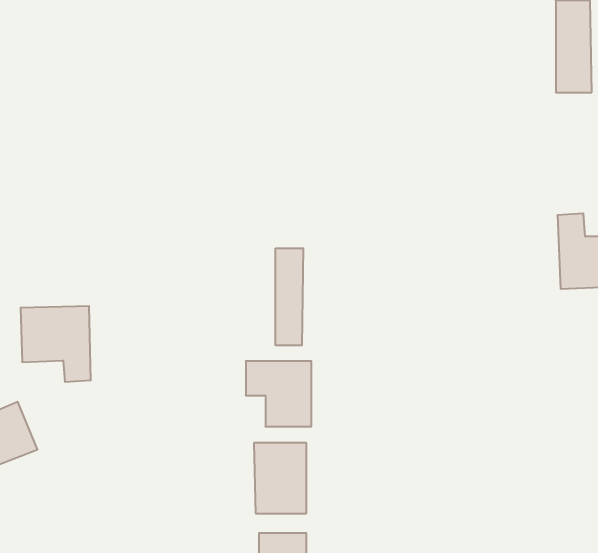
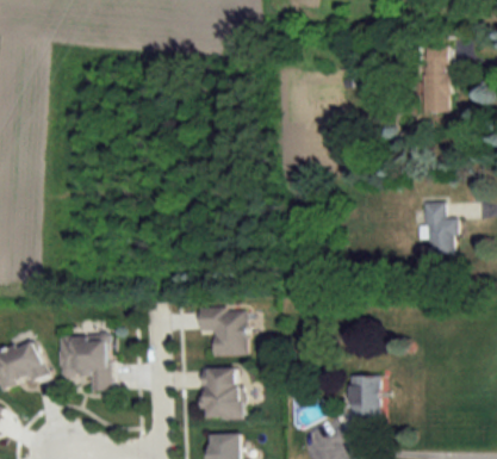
building: [276,248,303,345] -> none
building: [20,306,91,382] -> [58,336,110,391]
building: none -> [350,377,379,417]

